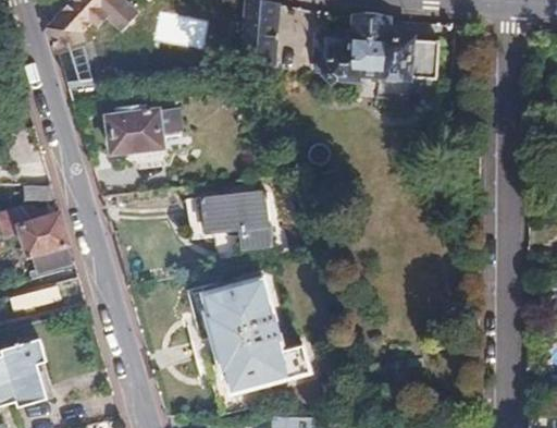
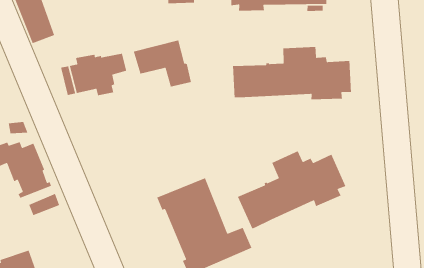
building: none -> [232,46,352,100]
building: [211,188,280,246] -> [133,39,192,87]
building: none -> [237,150,347,229]

